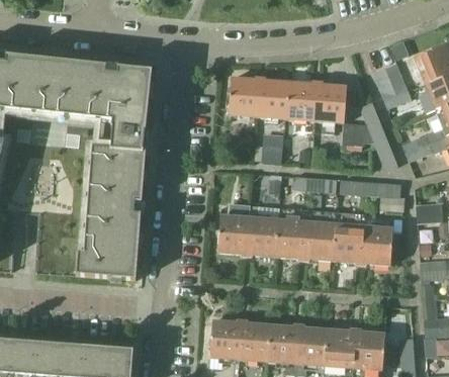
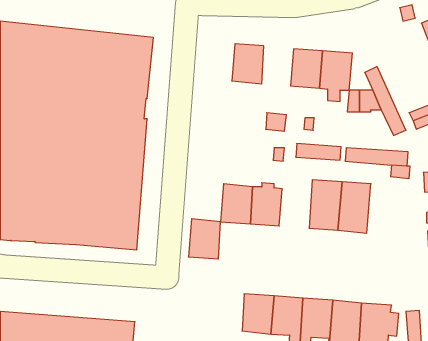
building: [373,62,412,106] -> none
building: [258,78,289,117] -> none
building: [275,207,307,257] -> none
building: [361,224,393,264] -> none
building: [209,318,241,358] -> [188,219,220,259]

